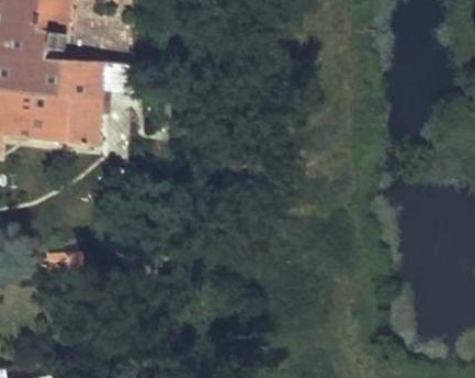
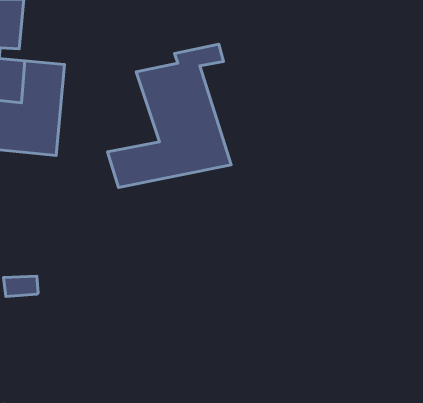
building: none -> [107,44,231,187]

